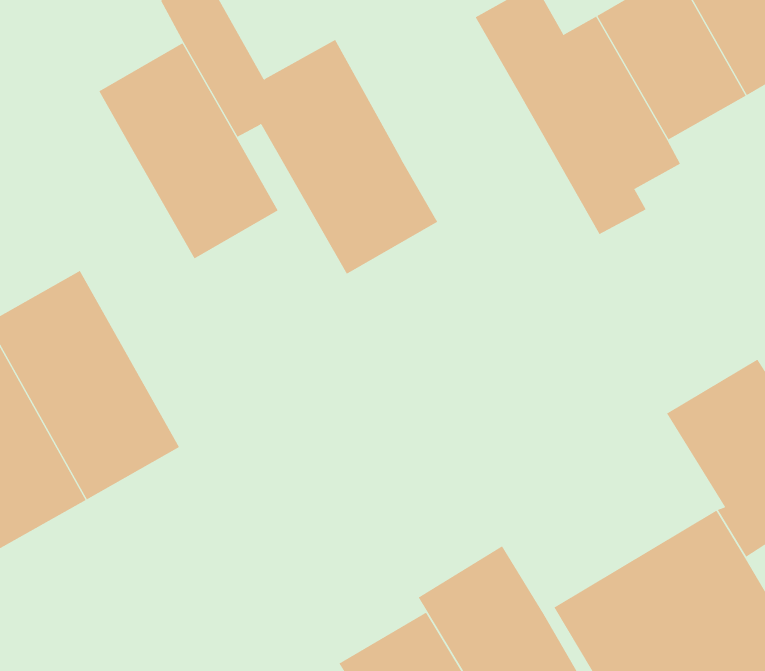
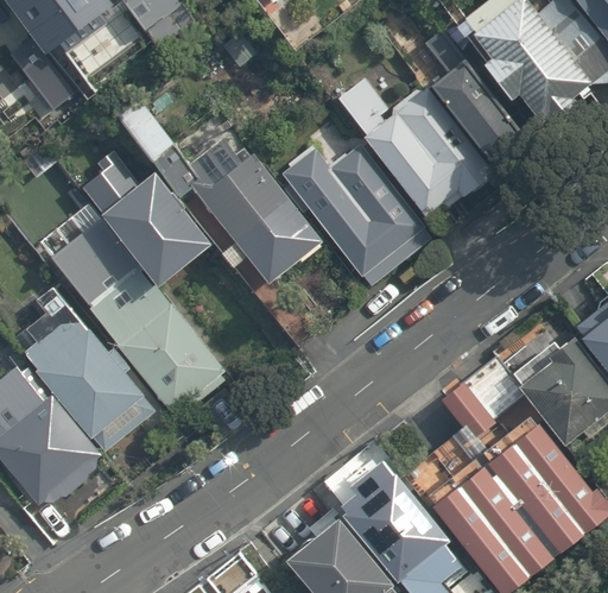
building: none -> [293,147,436,295]
building: none -> [45,216,221,419]
building: none -> [436,373,499,440]

